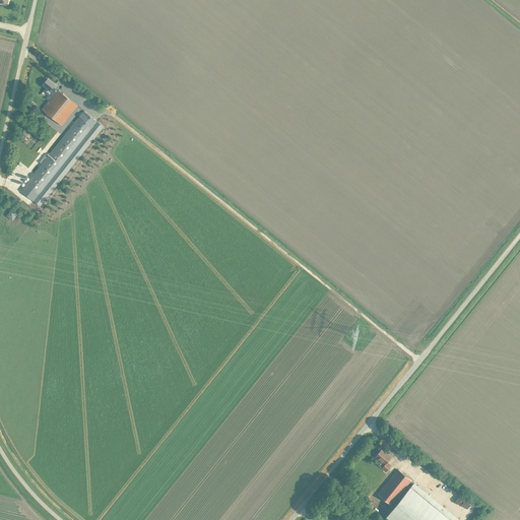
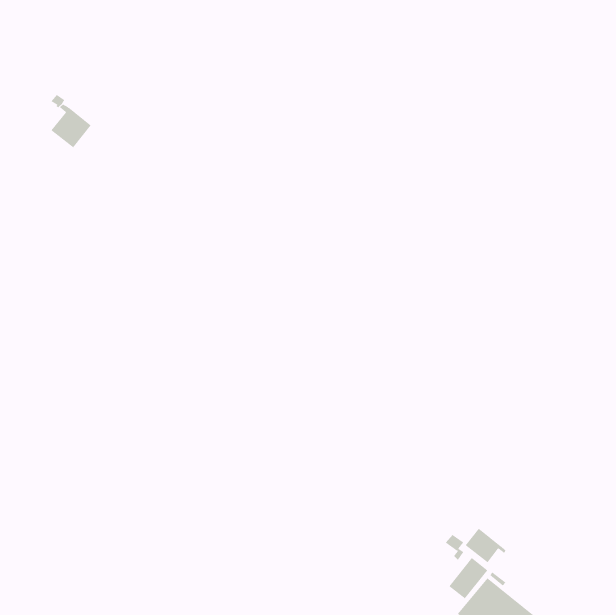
building: [27,120,90,194] -> none
building: none -> [465,528,506,563]

